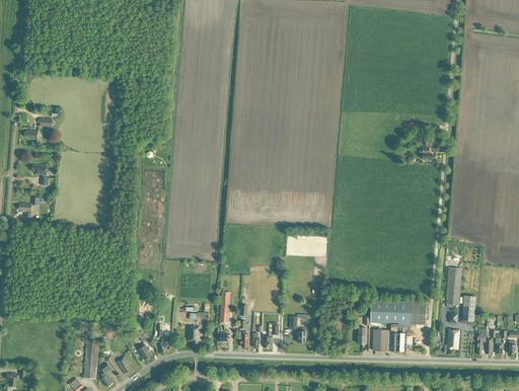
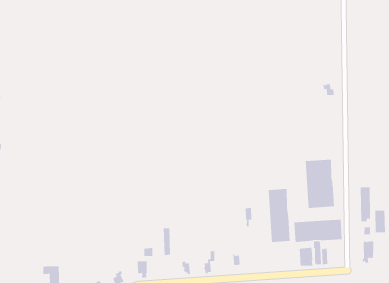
building: none -> [305,159,335,209]
building: none -> [268,188,290,243]

